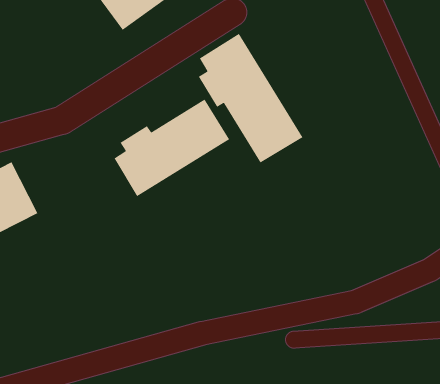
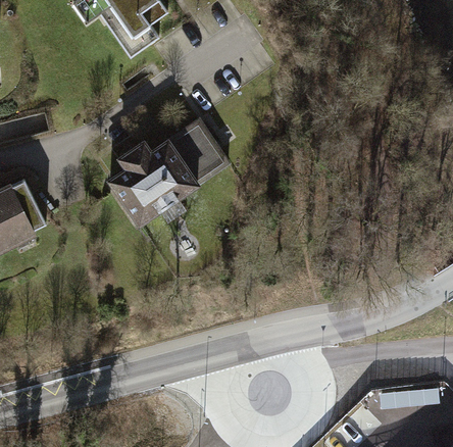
building: [198,33,303,164] -> none

